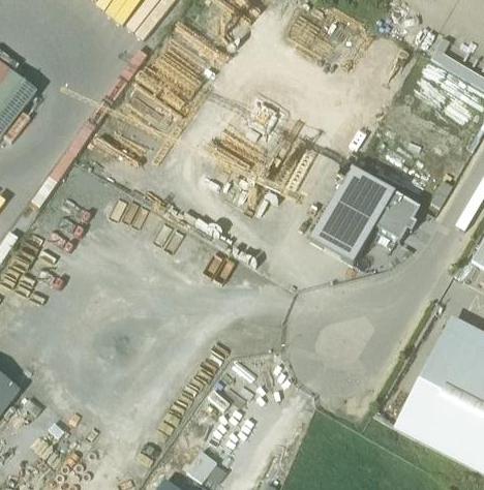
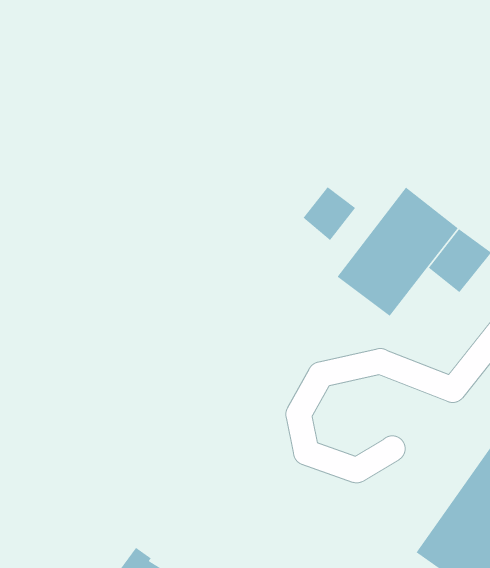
building: none -> [302,186,356,241]

